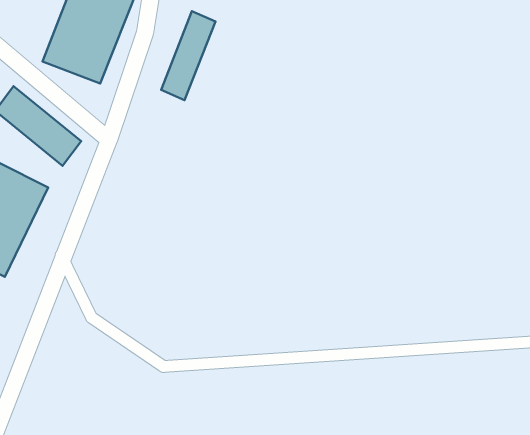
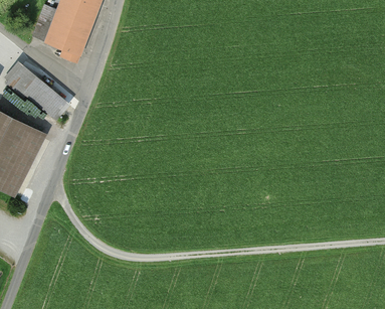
building: [161,11,215,100] -> none

